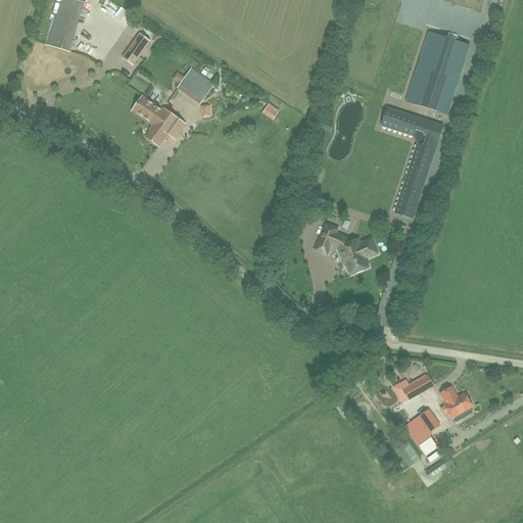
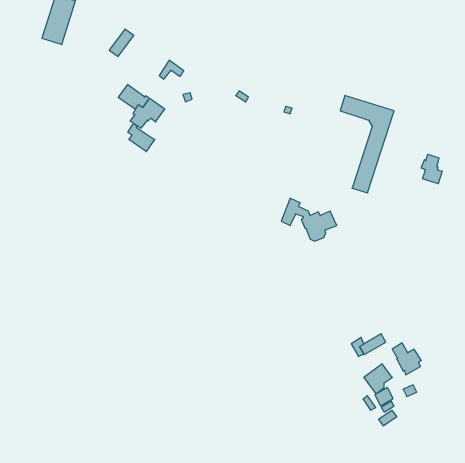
building: [407,32,469,113] -> none
building: none -> [128,124,155,152]
building: none -> [421,154,442,184]

